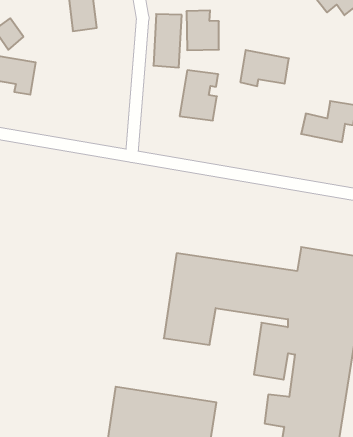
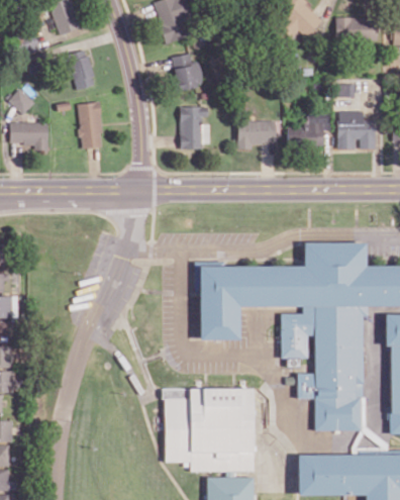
building: [153,14,182,67] -> [77,101,104,148]
building: [240,50,289,86] -> [237,120,276,149]

